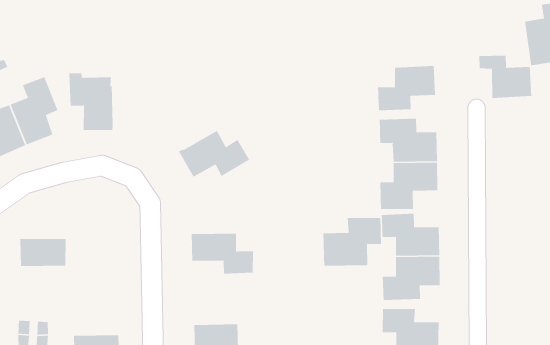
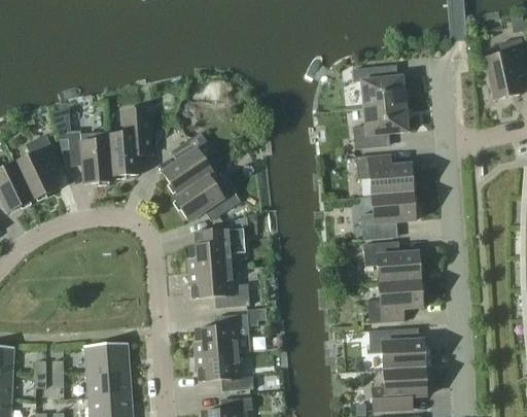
building: none -> [108,108,150,175]
building: [479,55,532,99] -> [353,66,405,107]
building: none -> [163,131,213,194]
building: none -> [187,216,247,271]
building: [323,217,382,267] -> none
building: [18,238,68,267] -> [83,342,129,371]
building: none -> [195,313,250,354]

